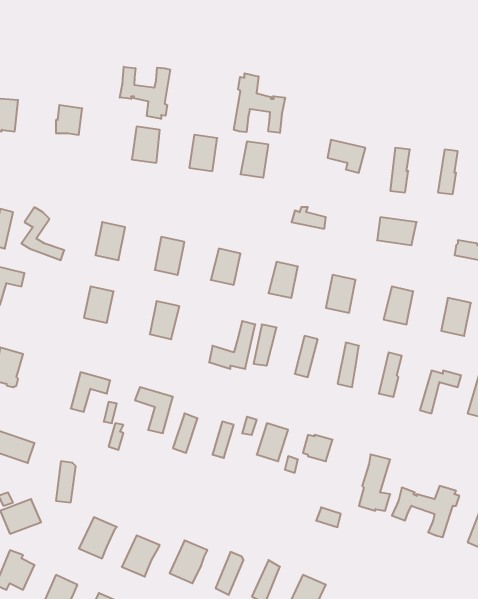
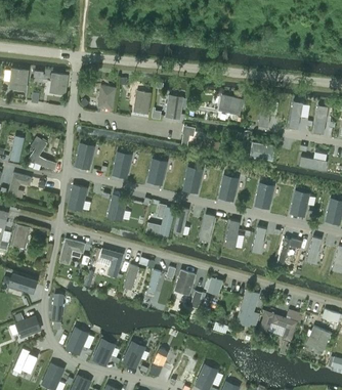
building: [120,67,170,119] -> none
building: [234,73,285,133] -> none

